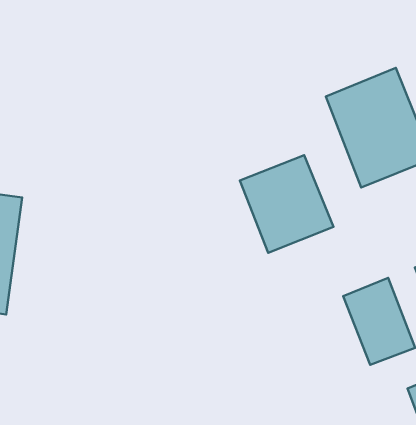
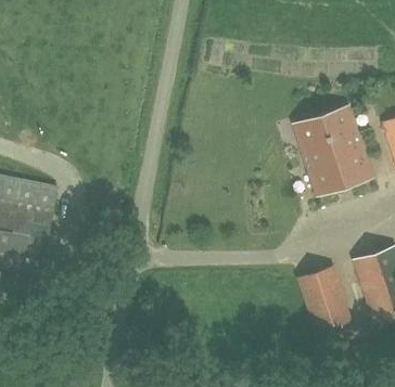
building: [240,155,333,253] -> none

